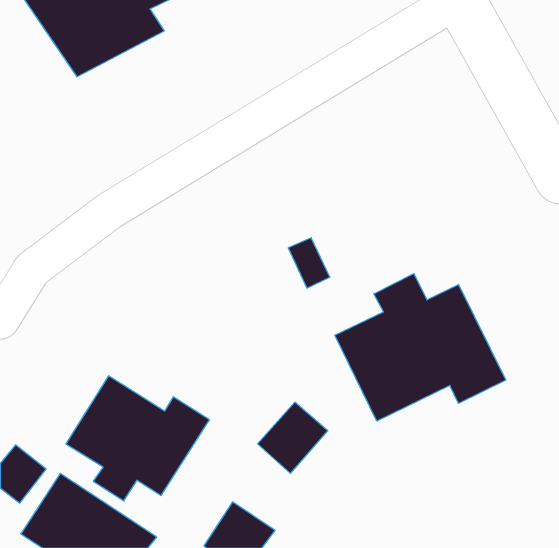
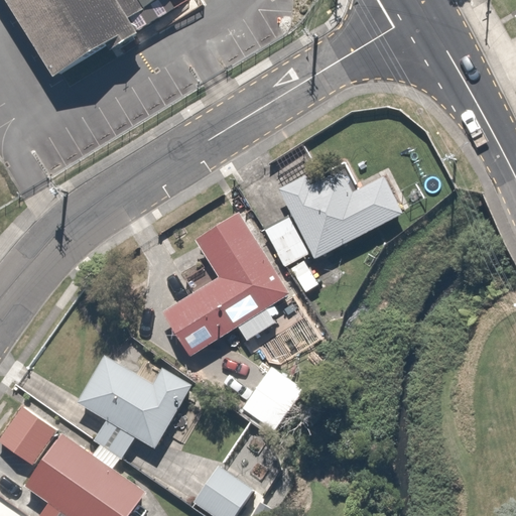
building: none -> [276,169,412,259]
building: none -> [159,213,291,360]
building: [335,274,506,421] -> none

